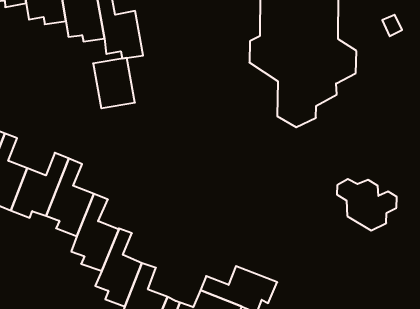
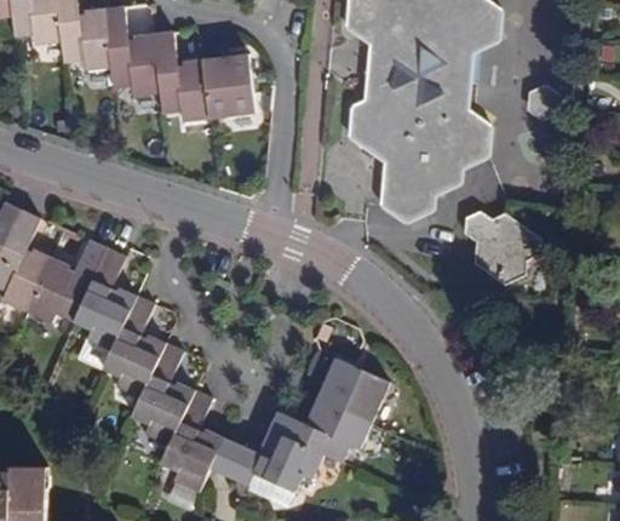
building: [93,58,135,108] -> [203,53,256,118]
building: [337,179,397,230] -> [464,214,542,284]
building: none -> [317,359,389,425]

